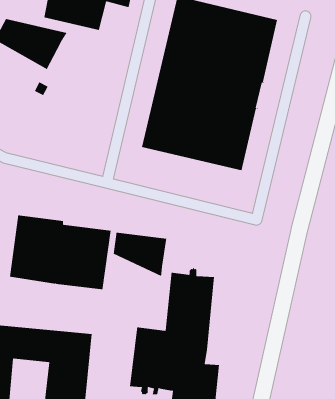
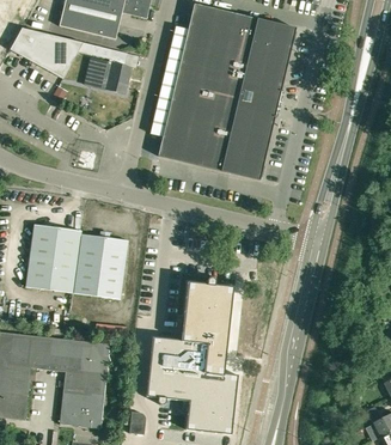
building: none -> [78,41,132,93]
building: [113,232,167,277] -> none

